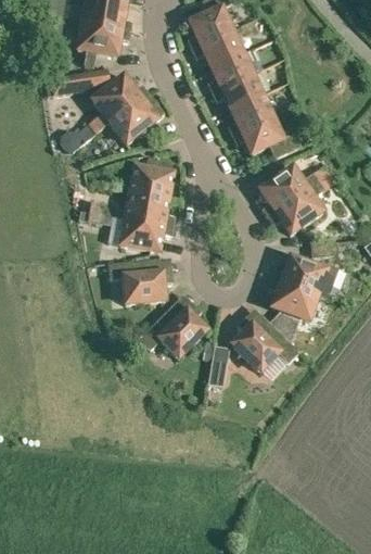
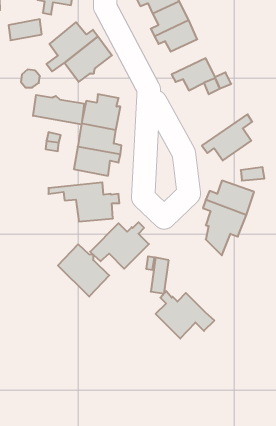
building: [228,95,271,135] -> none
building: none -> [33,95,84,124]
building: [259,166,319,216] -> none
building: [232,317,299,372] -> [156,291,214,339]
building: none -> [58,244,109,297]

